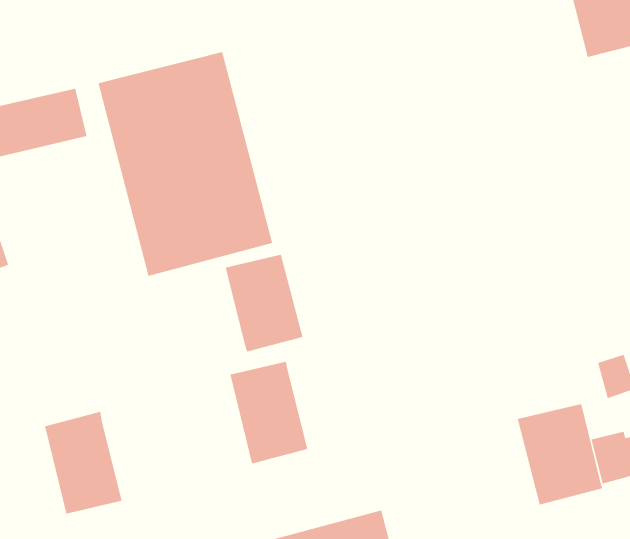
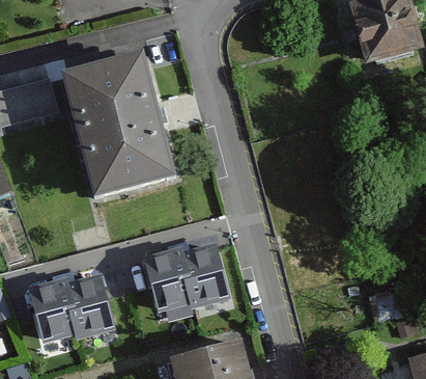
building: [225,254,303,353] -> [180,244,229,305]
building: [517,403,603,506] -> none
building: none -> [65,275,114,336]

